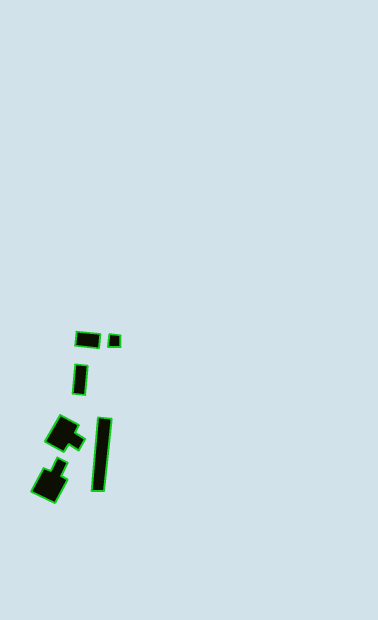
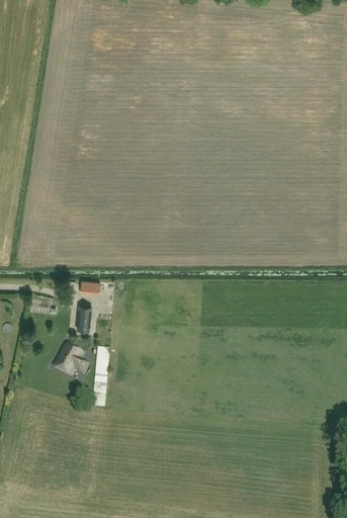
building: [31,457,67,503] -> none

